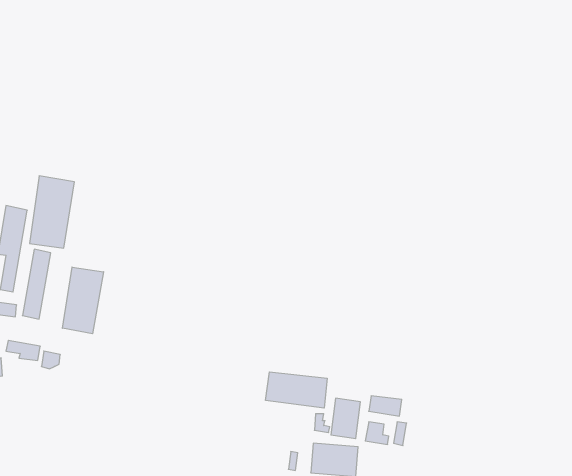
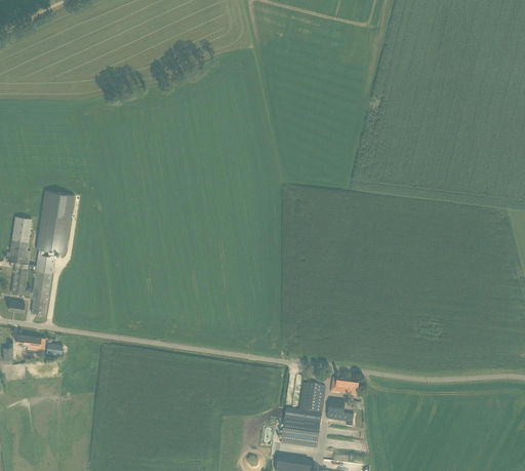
building: [62,267,104,334] -> none
building: [266,372,327,408] -> none

